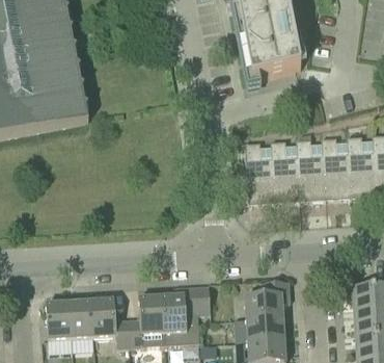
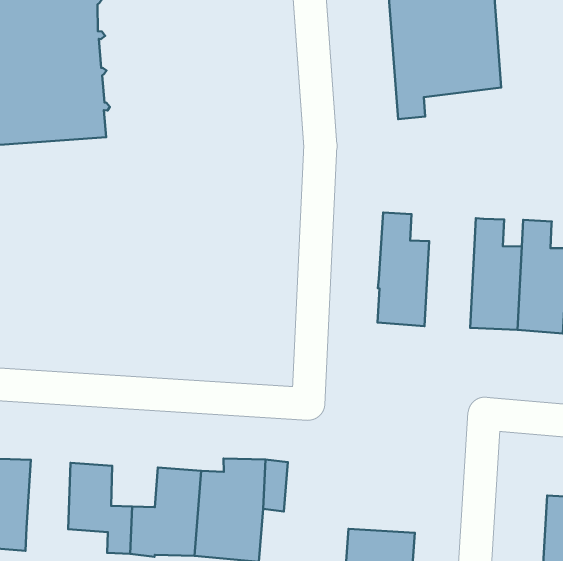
building: [270,138,299,201] -> none
building: [244,279,289,316] -> none
building: [68,299,93,337] -> none

